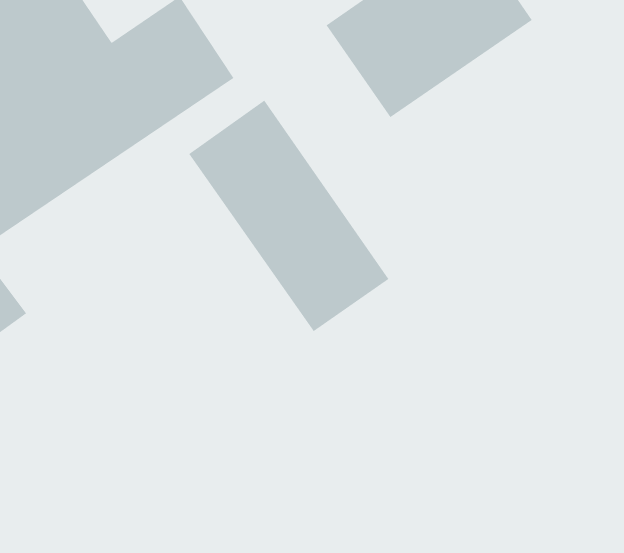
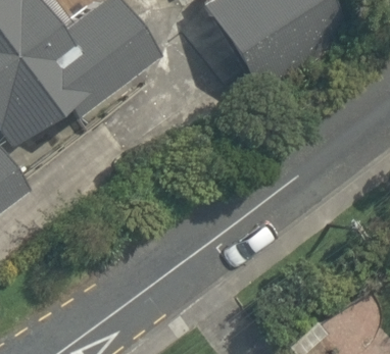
building: [188,99,390,332] -> none

